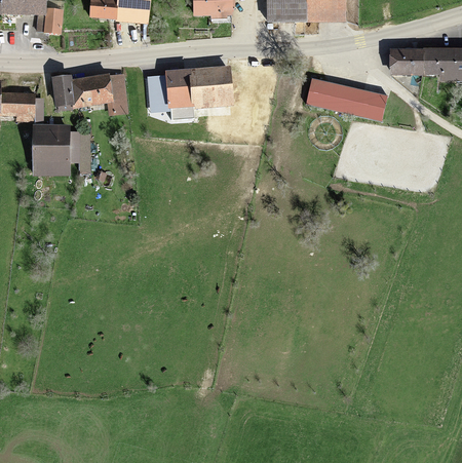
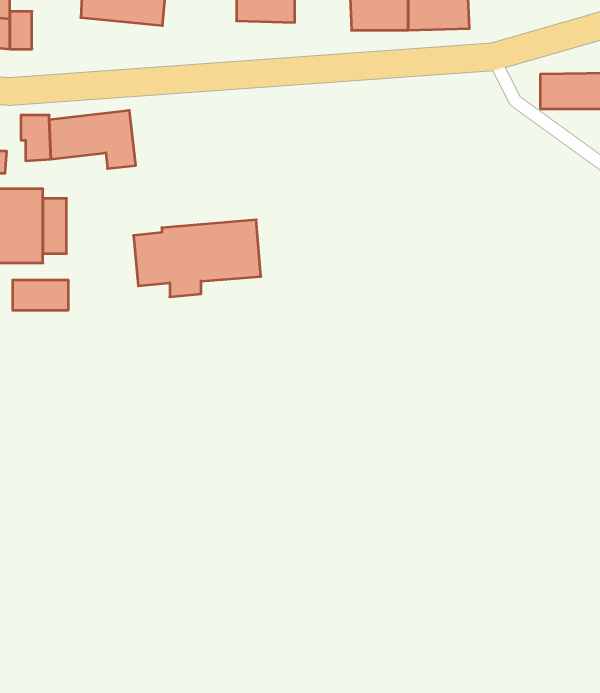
building: [149,65,232,115] -> [133,220,261,297]
building: [305,76,385,119] -> none
building: none -> [13,280,68,310]

